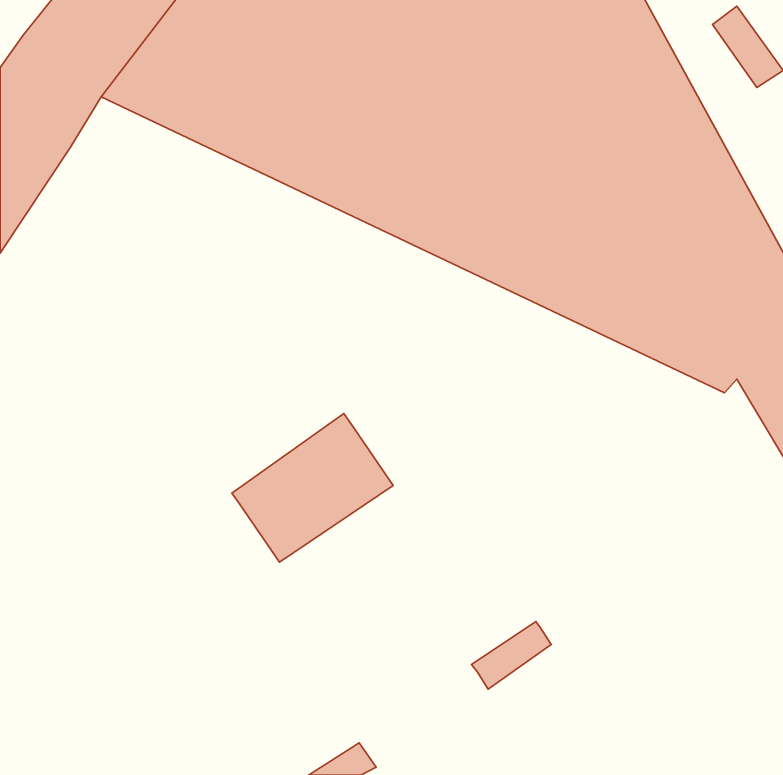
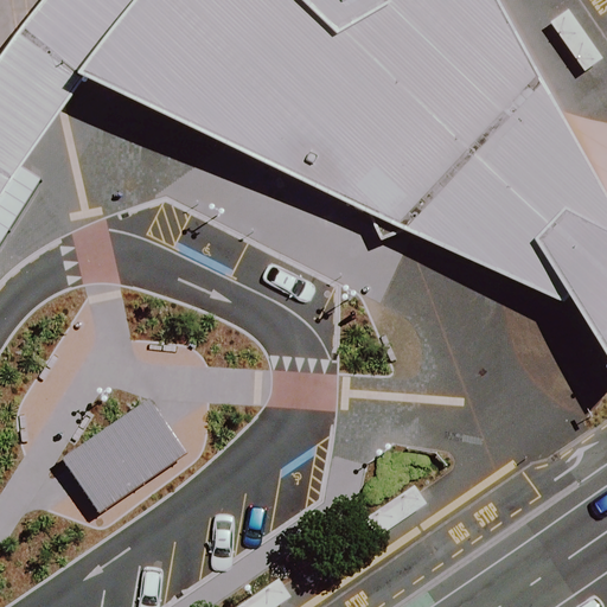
building: [232,413,393,562] -> [62,392,186,507]

